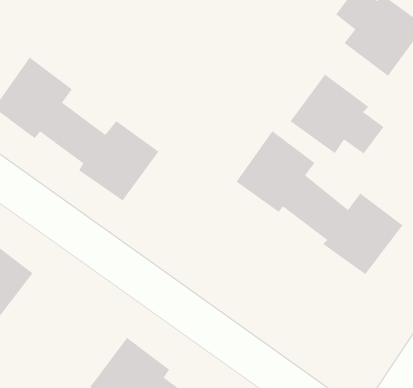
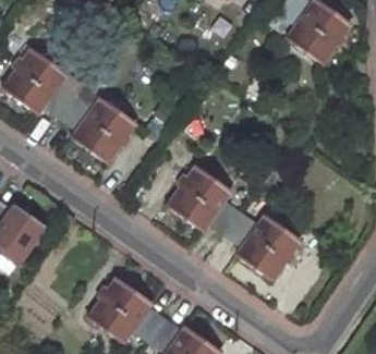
building: [290,73,384,154] -> none
building: [236,130,403,275] -> [167,166,302,282]

